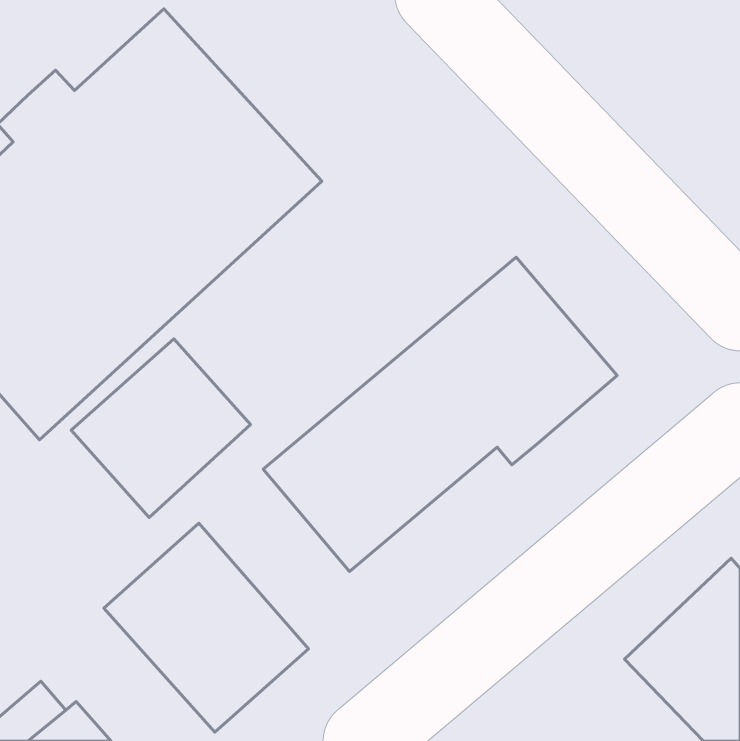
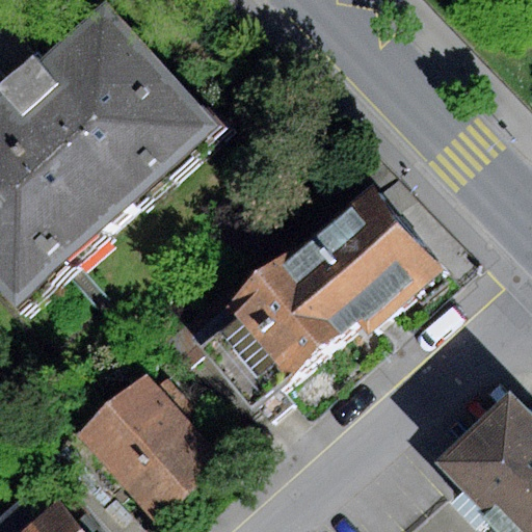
building: [71,339,251,517] -> none

